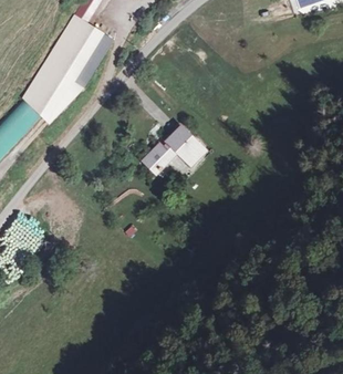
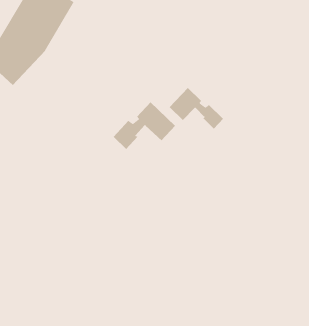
building: none -> [169,87,224,130]

